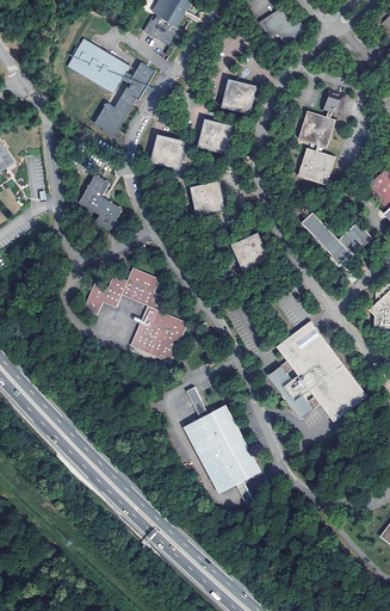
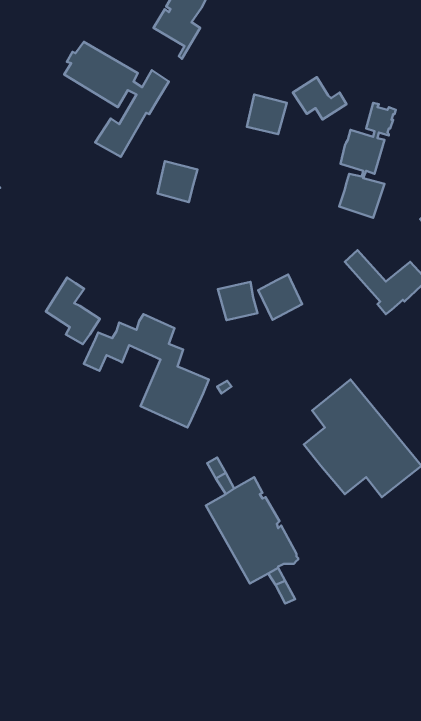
building: [260,12,305,48] -> [293,77,347,120]
building: [196,122,230,155] -> none
building: [78,172,123,228] -> [46,278,100,344]
building: [191,184,224,216] -> [218,282,258,320]

